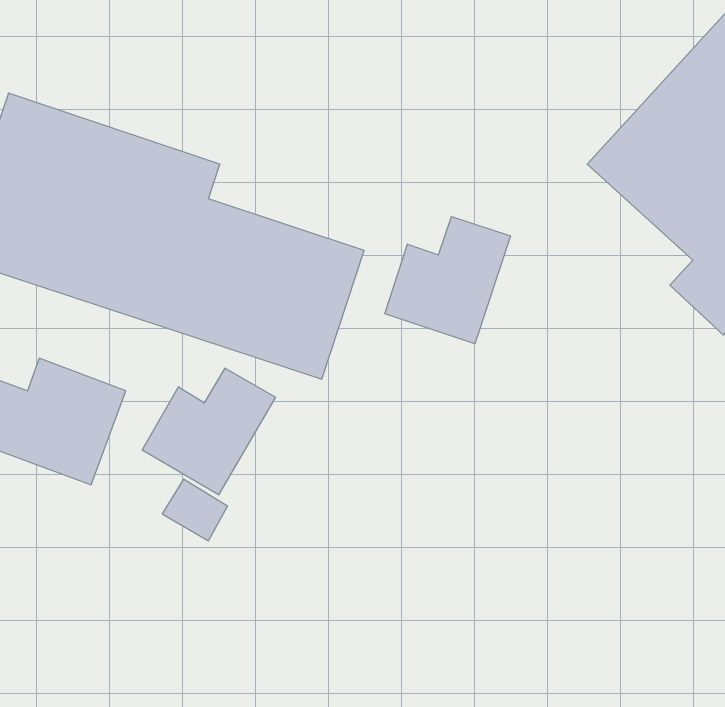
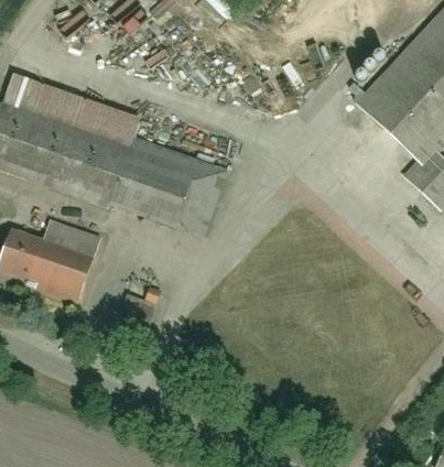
building: [385,217,511,344] -> none
building: [142,368,276,495] -> none

